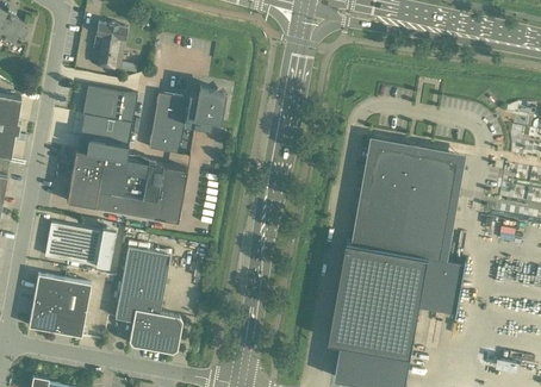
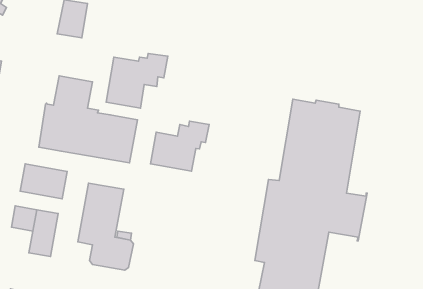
building: [82,85,137,123] -> none
building: none -> [151,121,209,171]
building: [29,300,60,331] -> none

